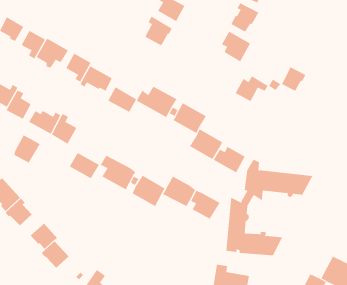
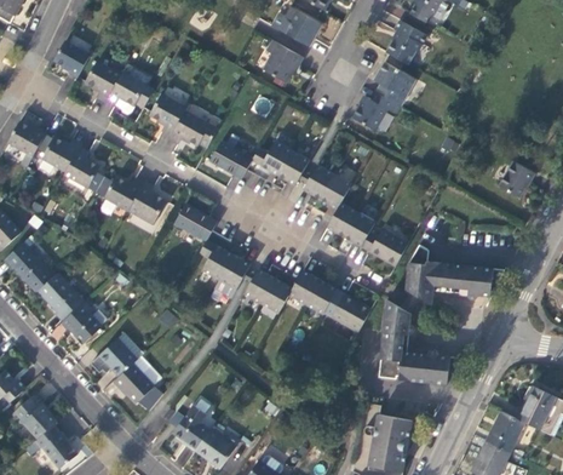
building: [281,66,306,92] -> [499,162,535,199]
building: [235,76,268,102] -> [352,93,401,131]
building: [14,135,40,163] -> none
building: [69,152,100,179] -> [173,205,218,244]

